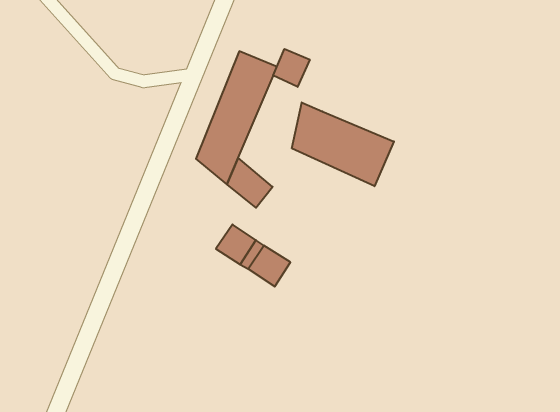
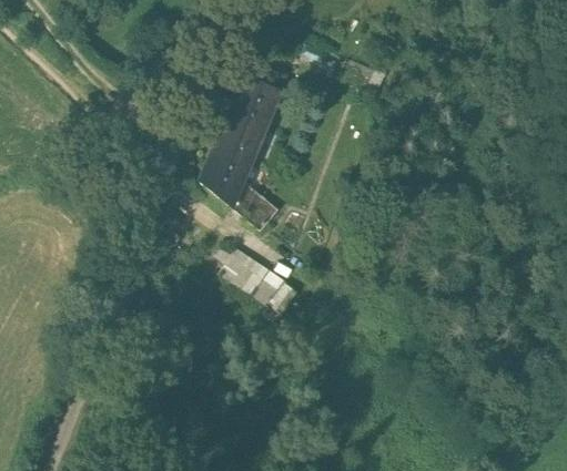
building: [273,49,310,87] -> none
building: [292,102,394,186] -> none

